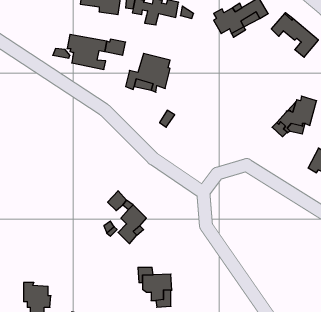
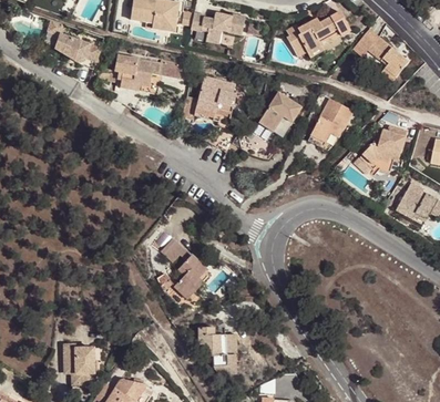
building: none -> [44,29,100,70]
building: none -> [258,92,301,137]
building: none -> [308,99,354,151]

